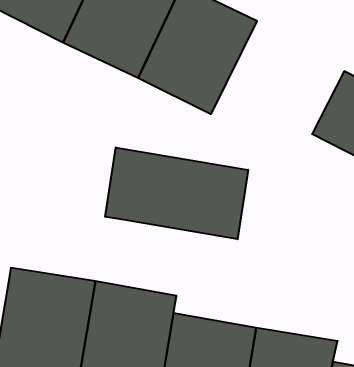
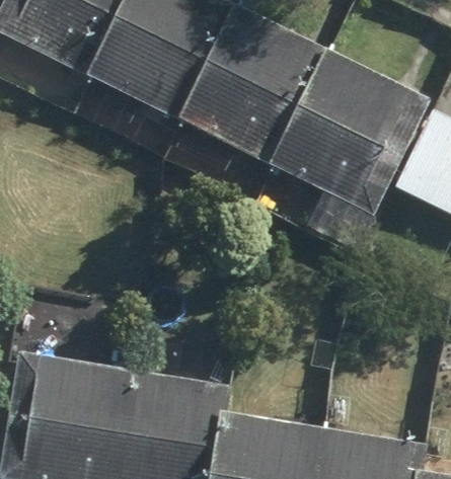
building: none -> [272,49,433,215]
building: [105,147,248,239] -> none

